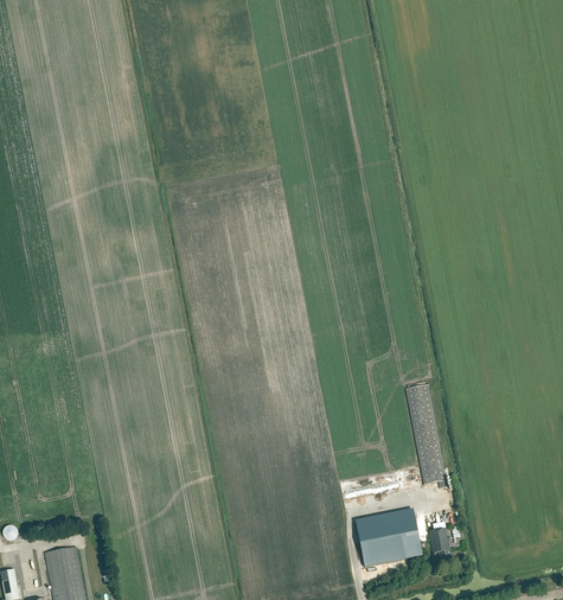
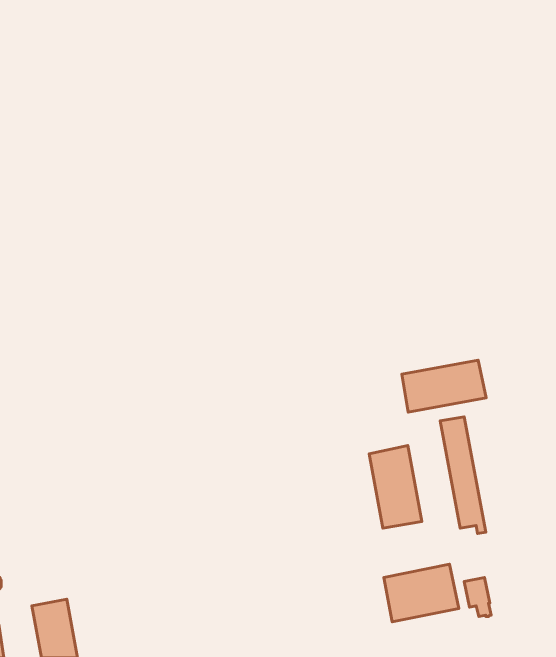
building: none -> [402,360,486,412]
building: none -> [369,446,422,528]

